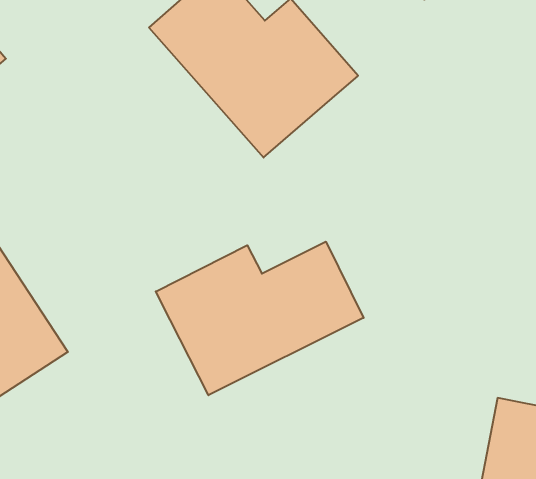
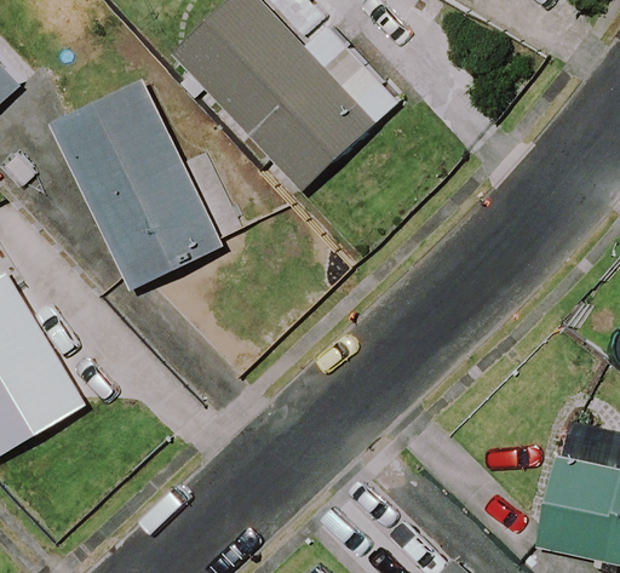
building: none -> [50,81,218,286]
building: [156,242,364,395] -> none

